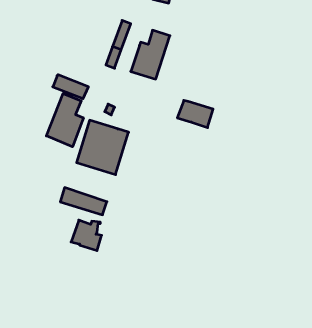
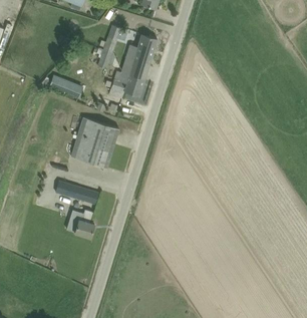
building: [46,94,83,147] -> none
building: [177,100,213,128] -> [111,71,144,96]

